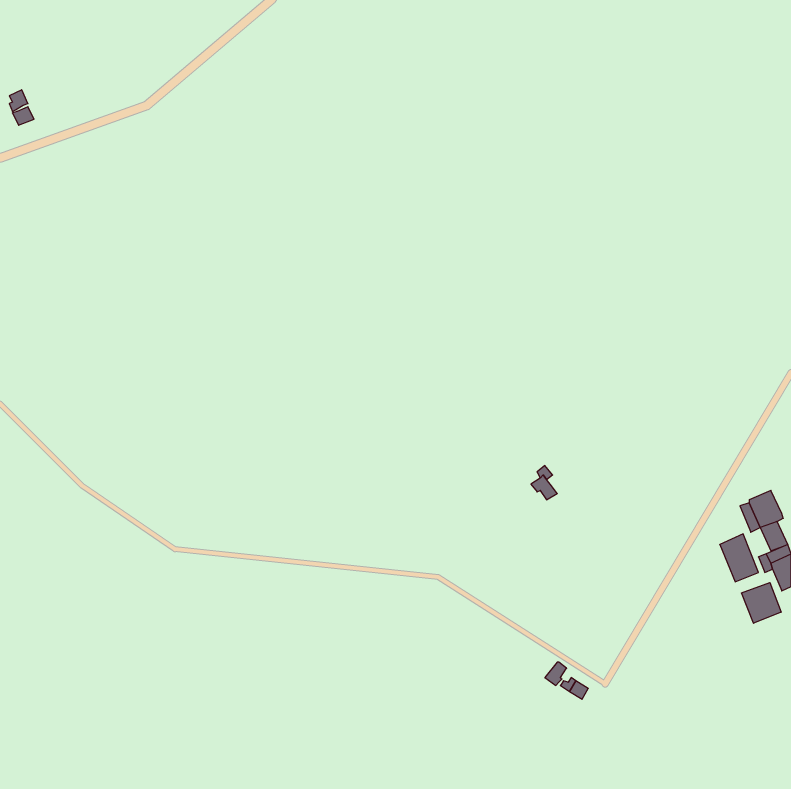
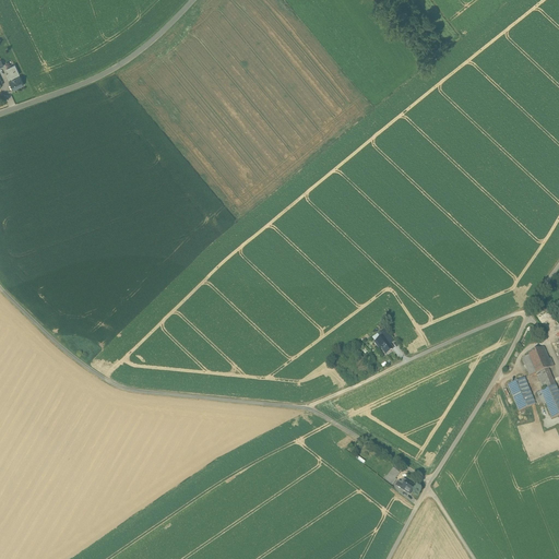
building: [741,583,781,623] -> none

